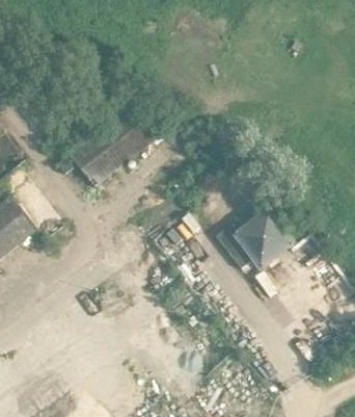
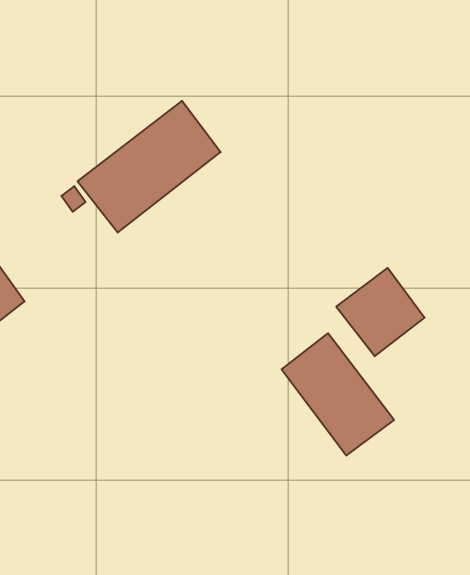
building: none -> [282,333,394,456]

